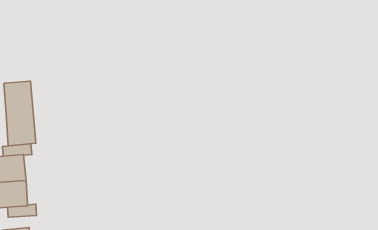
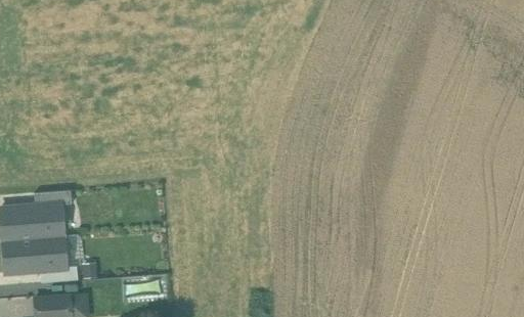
building: [4,81,36,146] -> none

